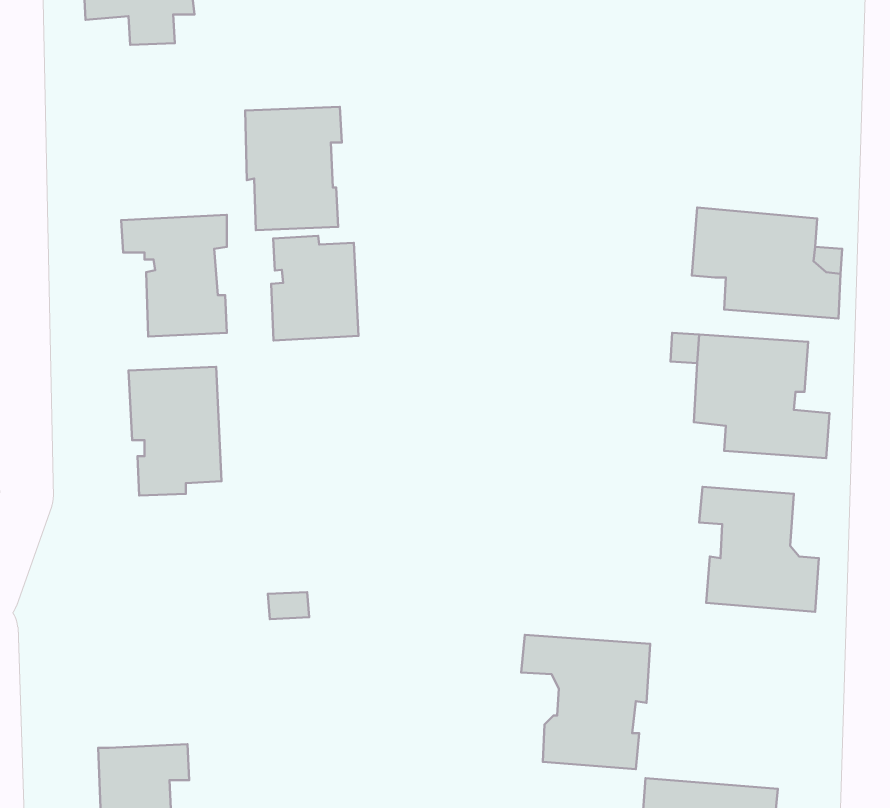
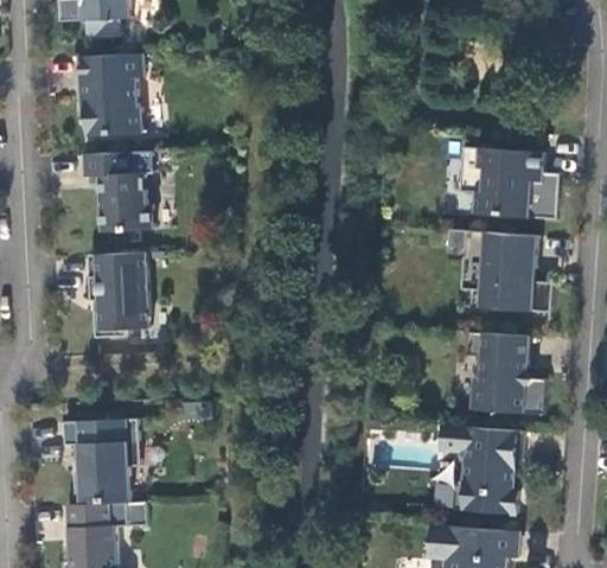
building: [245,107,342,230] -> [79,55,143,136]
building: [271,236,359,341] -> none
building: none -> [64,420,140,505]
building: [521,635,650,769] -> [440,426,525,515]

